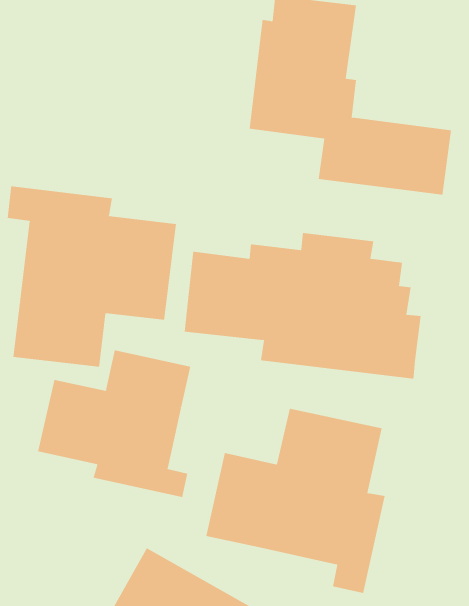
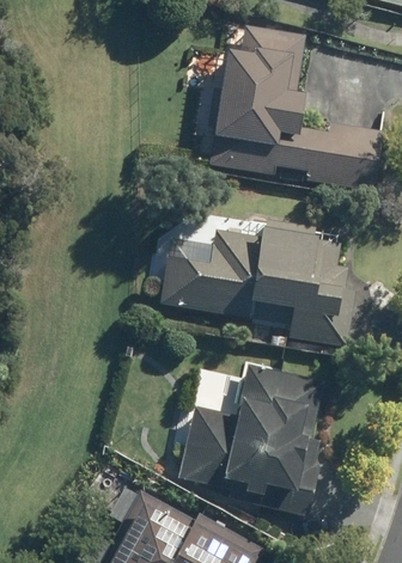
building: [7,186,177,368] -> none
building: [38,350,191,498] -> none

